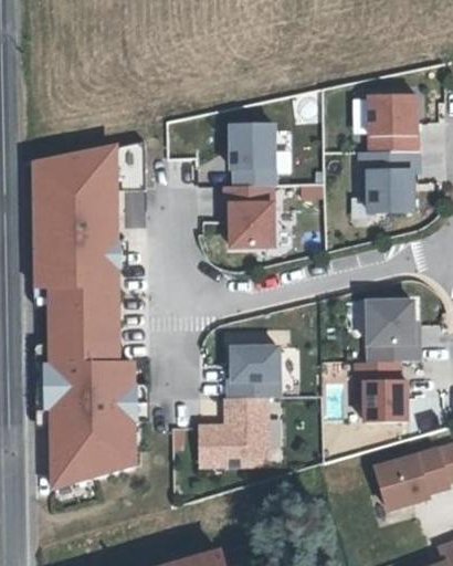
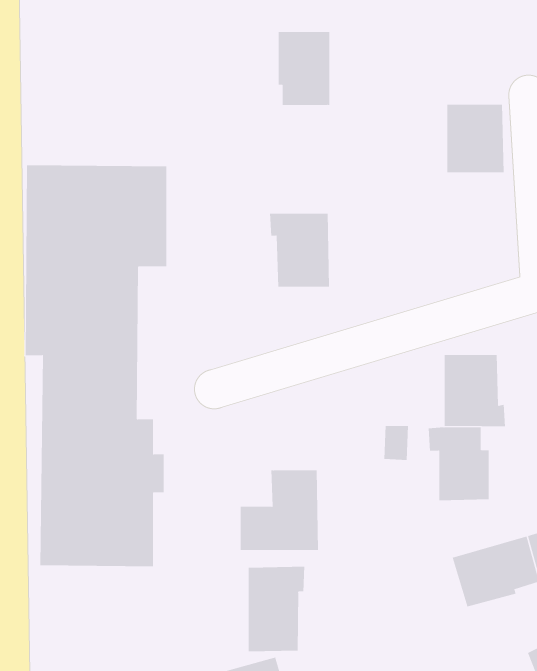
building: [233,124,276,185] -> [278,31,330,105]
building: [361,151,420,212] -> none
building: [229,346,280,396] -> none
building: none -> [248,566,305,652]

